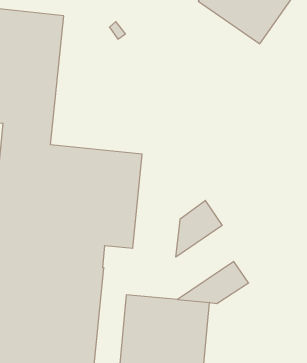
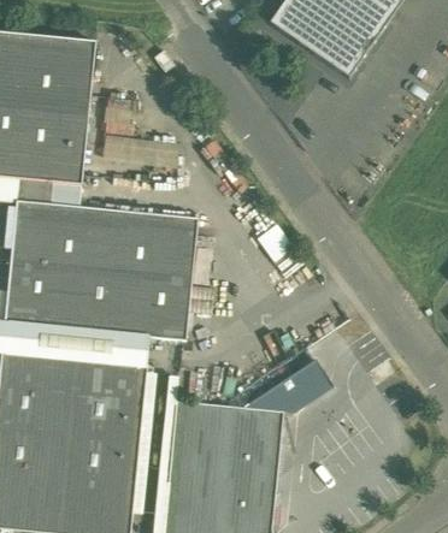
building: [176,200,222,257] -> none

